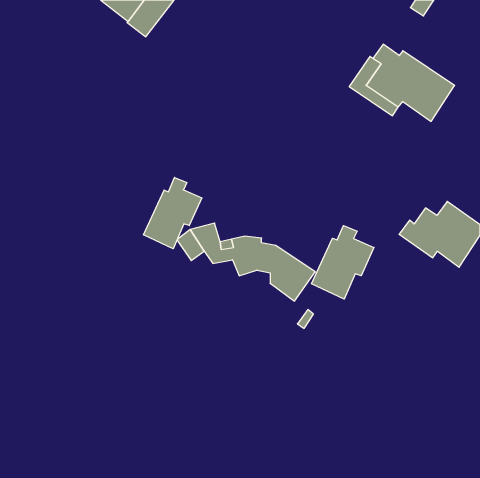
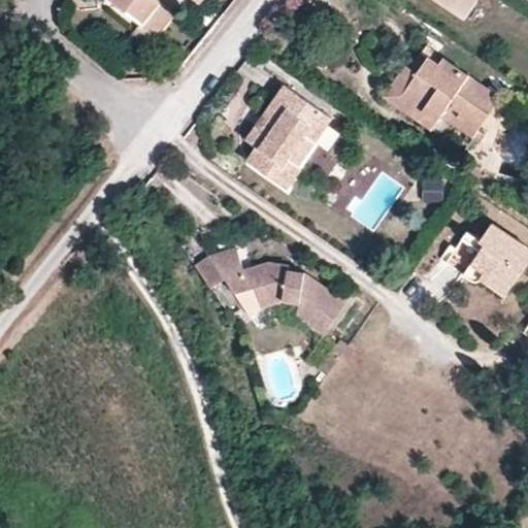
building: none -> [248,85,332,187]
building: [144,177,202,249] -> none
building: [312,226,374,299] -> none

